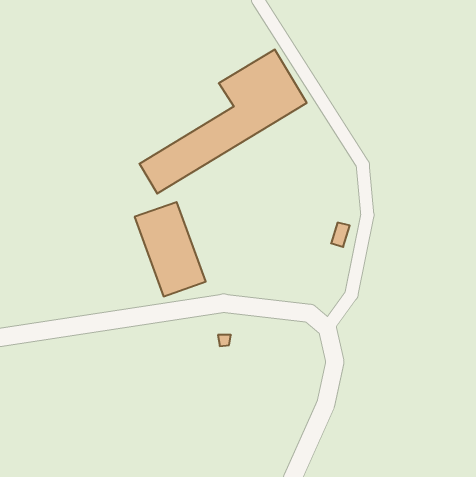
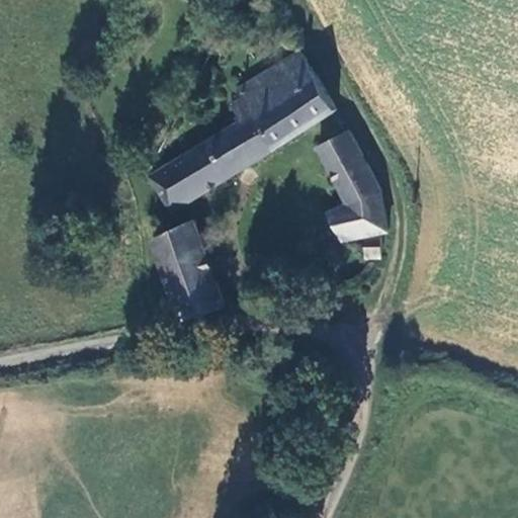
building: none -> [317,132,385,243]

